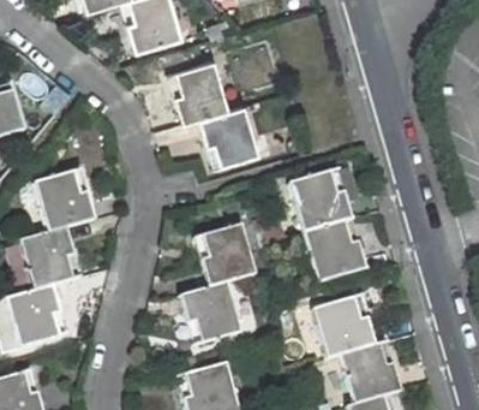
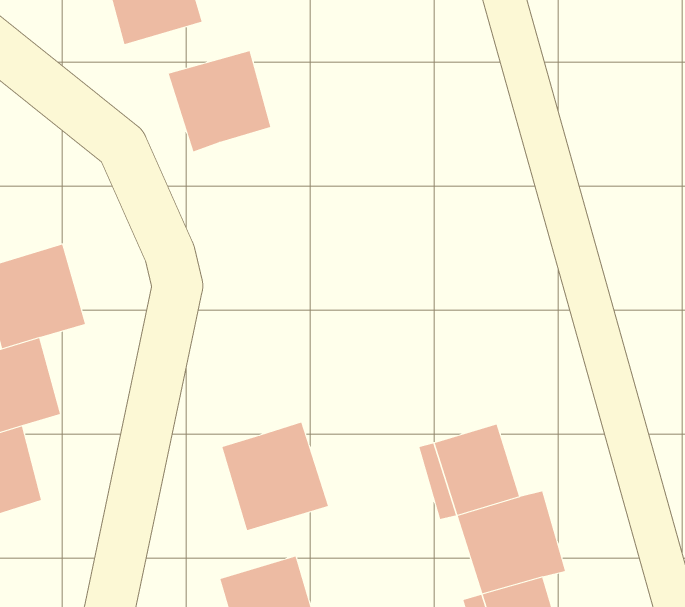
building: [184,91,251,159] -> none
building: [292,172,377,286] -> none
building: [194,225,261,290] -> none

